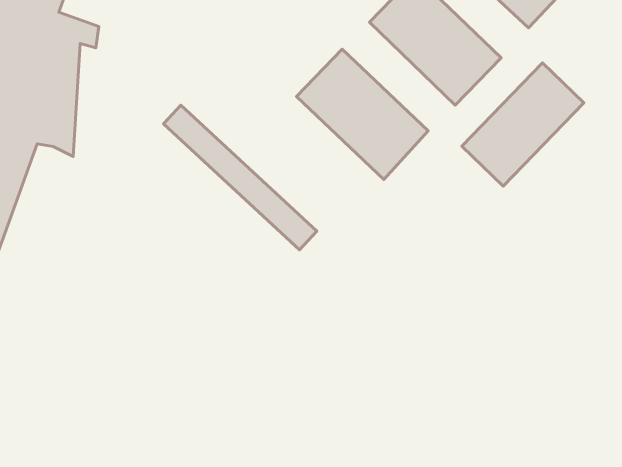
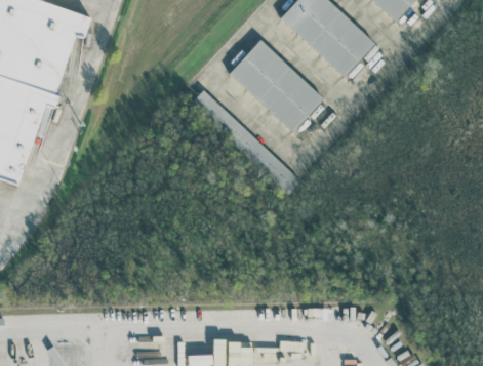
building: [462,63,584,186] -> none
building: [164,105,317,250] -> [192,89,301,193]

